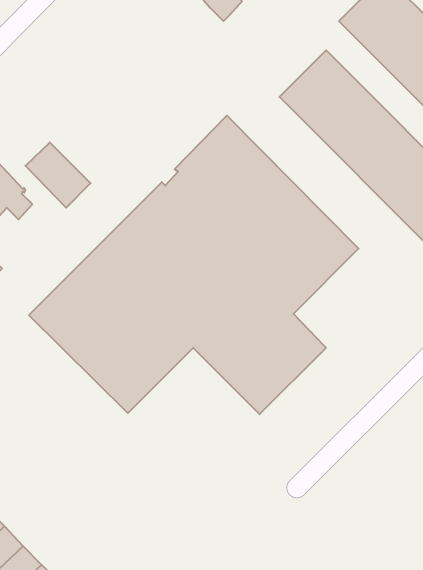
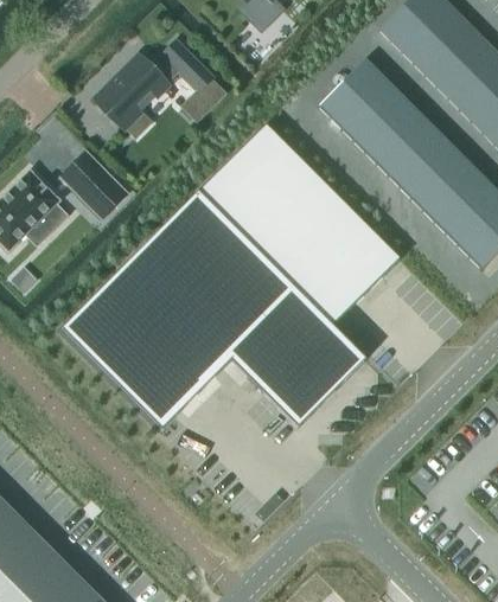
building: none -> [97,39,219,127]

